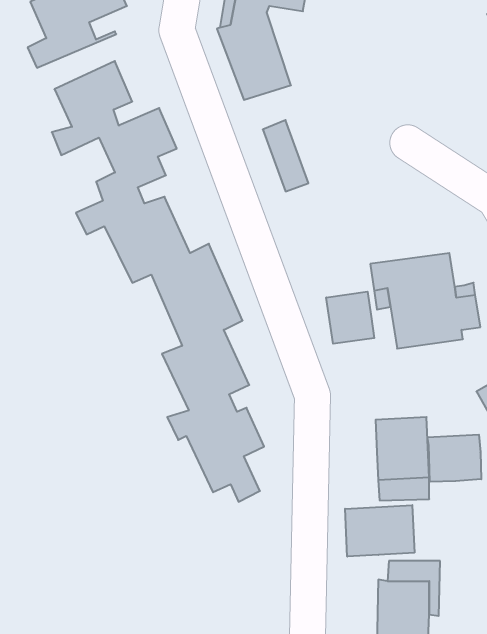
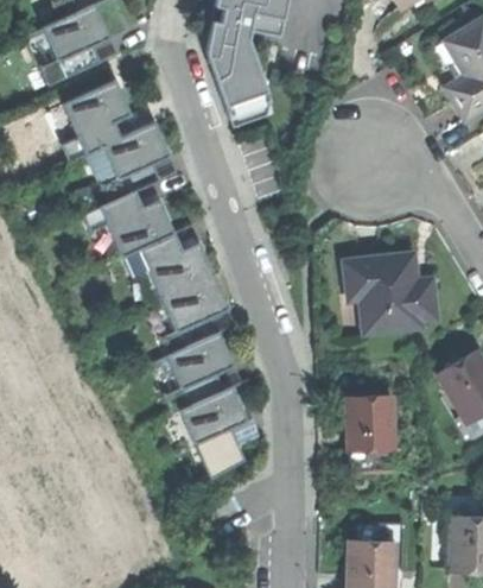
building: [326,292,374,344] -> none
building: [428,435,481,482] -> none
building: [345,505,414,557] -> none

